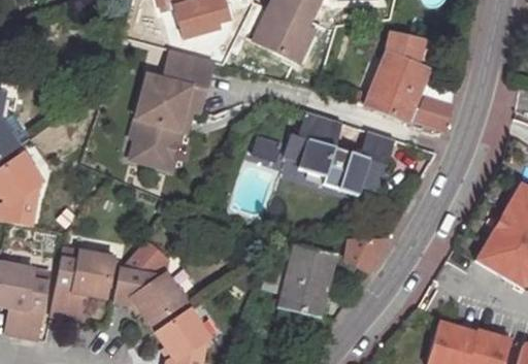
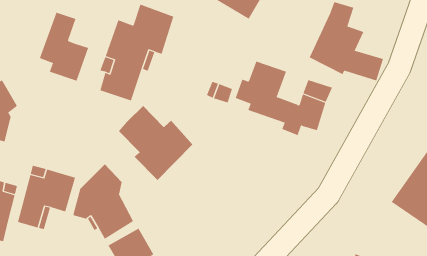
building: none -> [39,12,89,82]
building: none -> [118,105,193,181]
building: [344,238,388,271] -> none
building: [280,247,334,317] -> none

